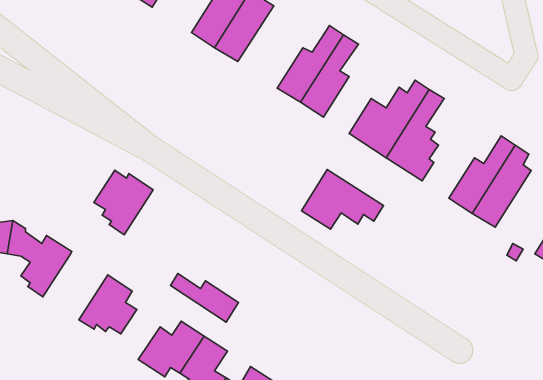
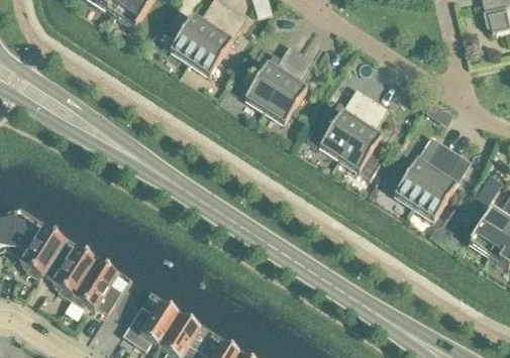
building: [302,170,384,229] -> none
building: [94,170,153,235] -> [44,244,96,301]
building: [171,274,239,322] -> none

